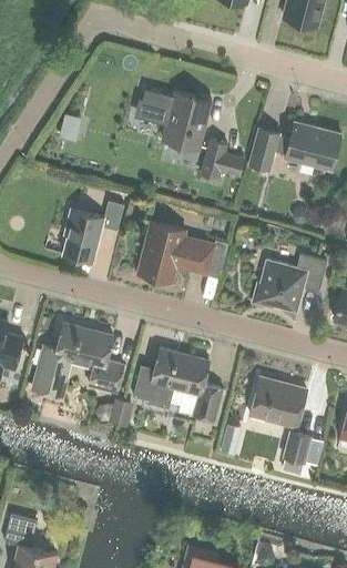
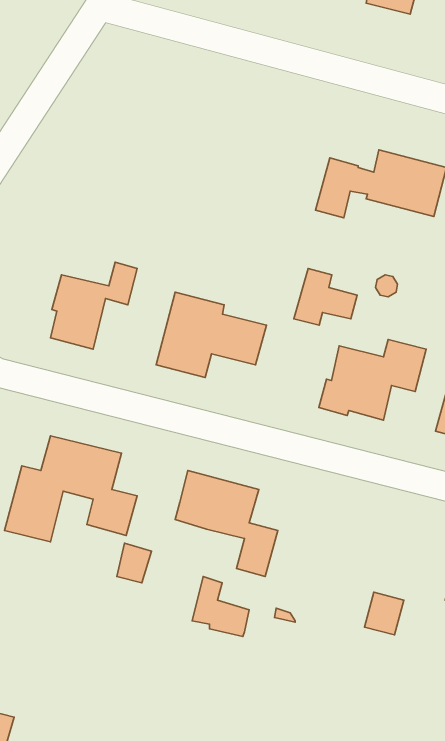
building: [140,91,212,151] -> none
building: [200,140,244,180] -> [294,268,357,325]
building: [133,365,173,407] -> [192,577,249,637]
building: [251,377,307,426] -> none

